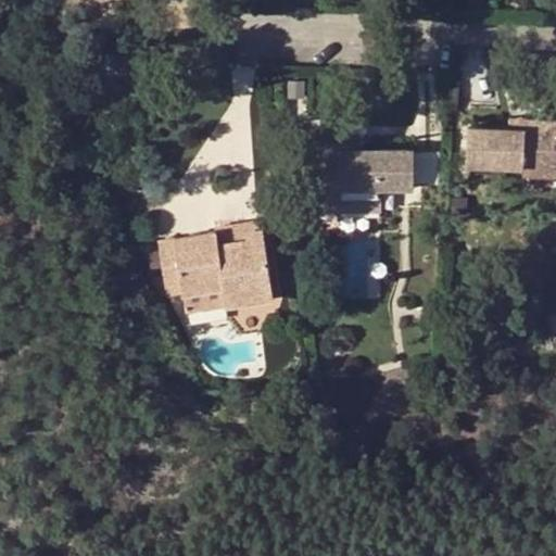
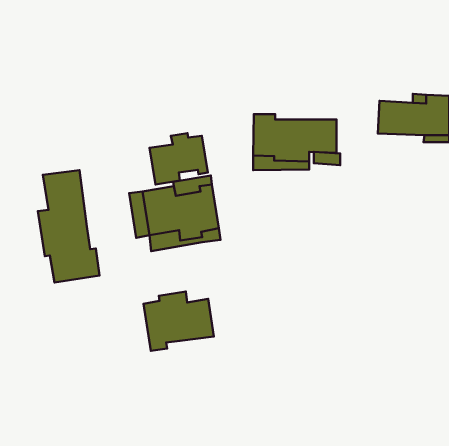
building: none -> [150,133,208,184]
building: none -> [38,170,99,282]
building: none -> [143,291,214,351]

